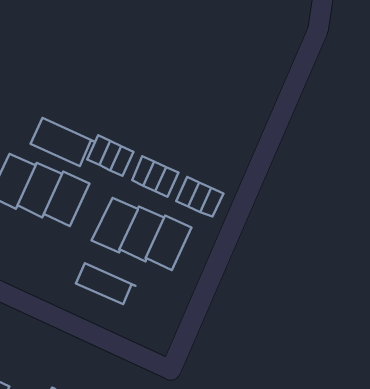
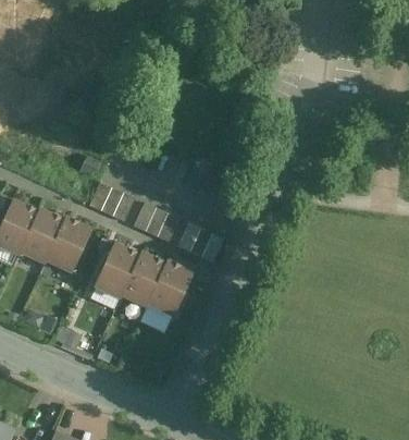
building: [31,118,95,166] -> none
building: [76,263,136,304] -> none

